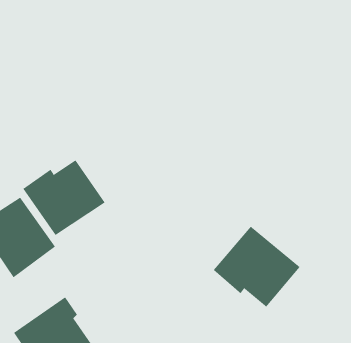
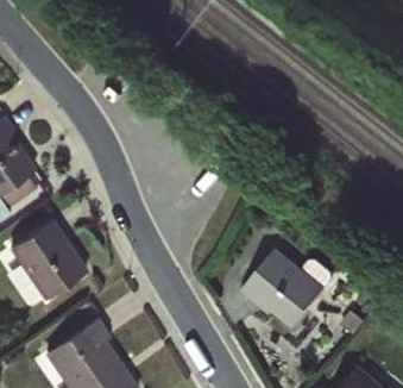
building: [23,159,105,236] -> none

